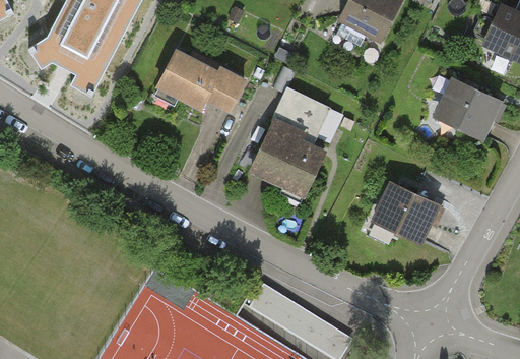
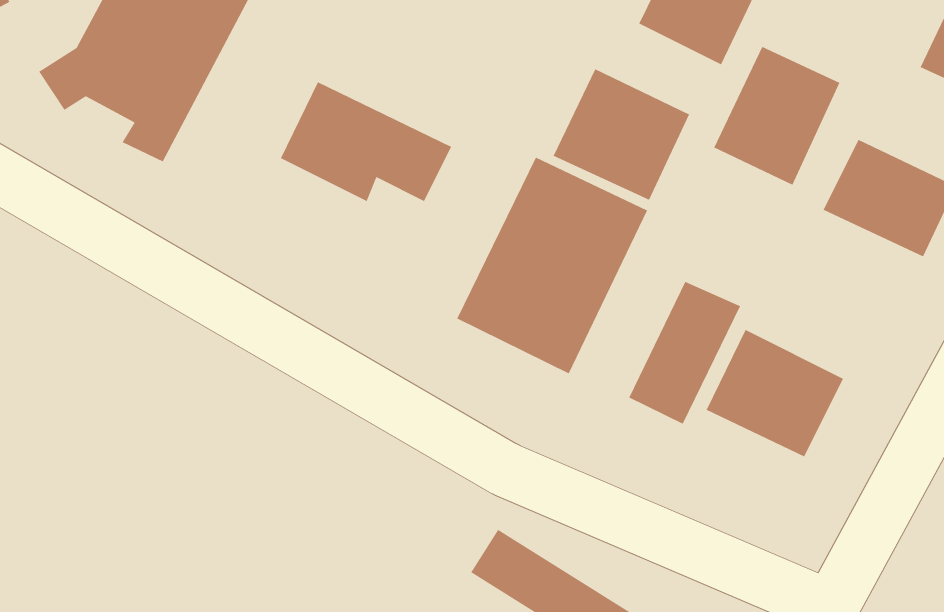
building: none -> [713,46,840,186]
building: none -> [552,68,690,201]
building: none -> [628,281,741,425]

